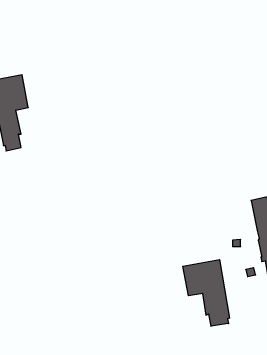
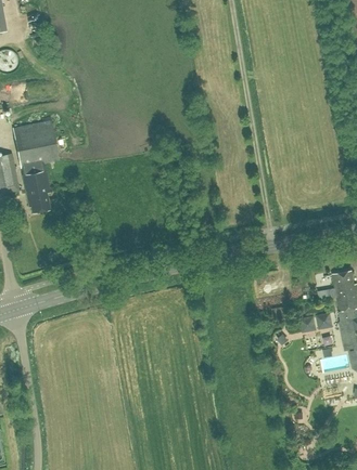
building: [183,260,229,326] -> none

